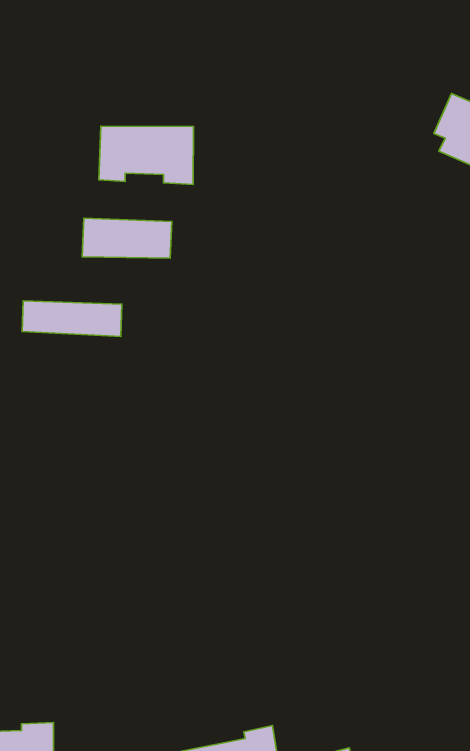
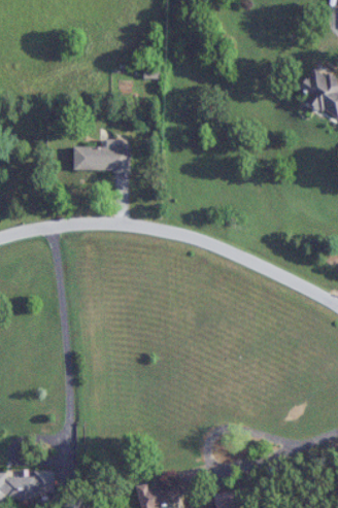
building: [99,126,194,184] -> none
building: [22,301,122,336] -> none

